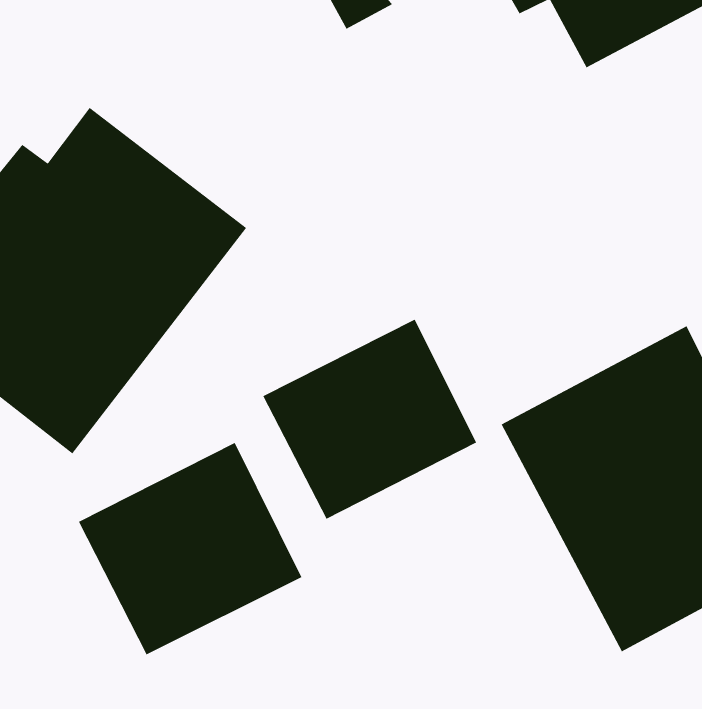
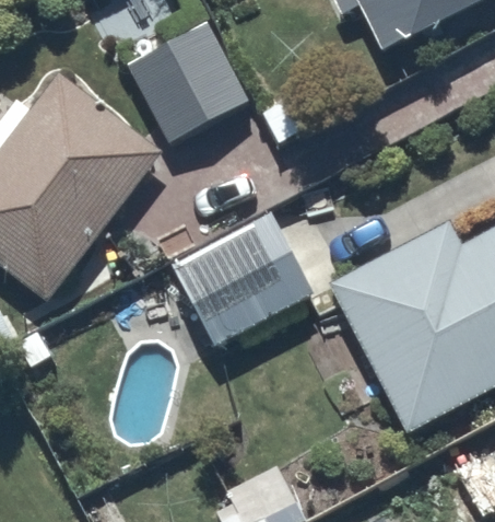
building: none -> [126,22,248,143]
building: [78,442,303,655] -> none

